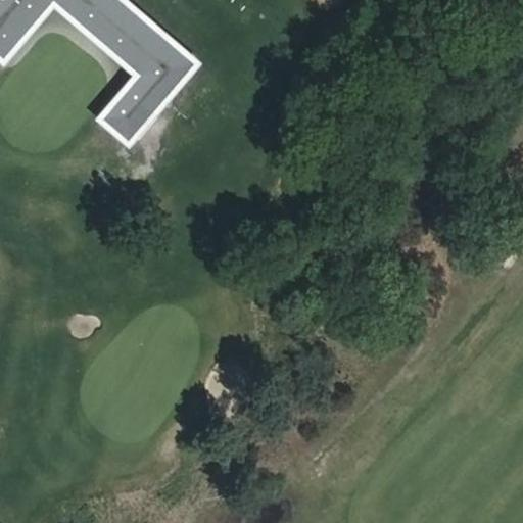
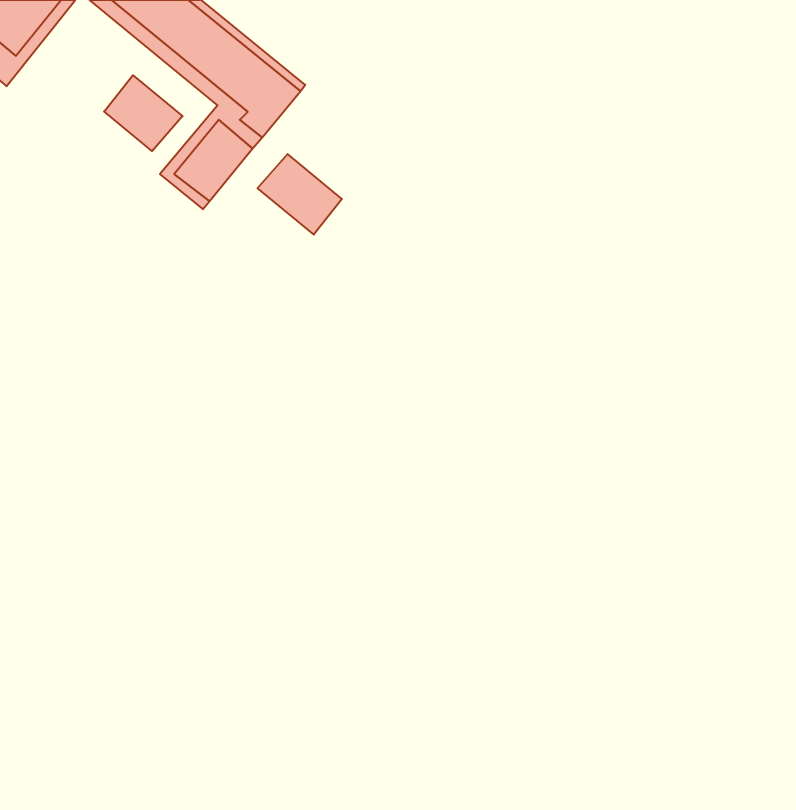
building: none -> [104,75,183,151]
building: none -> [258,154,342,235]

